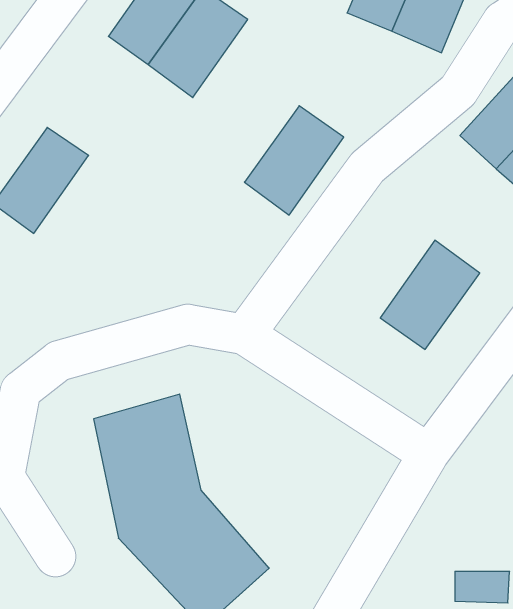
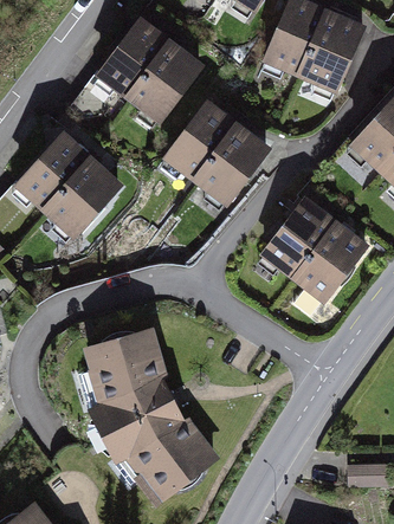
building: none -> [167,104,234,180]
building: none -> [45,161,116,239]
building: none -> [263,201,331,277]

